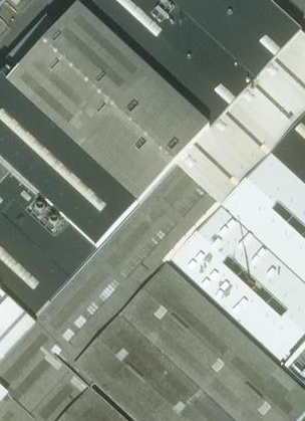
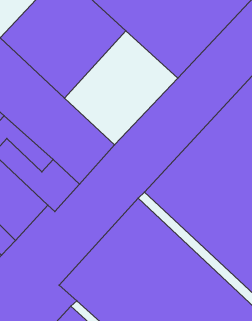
building: [79,72,209,203] -> none

